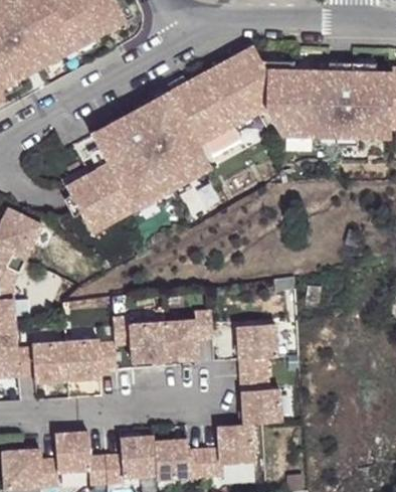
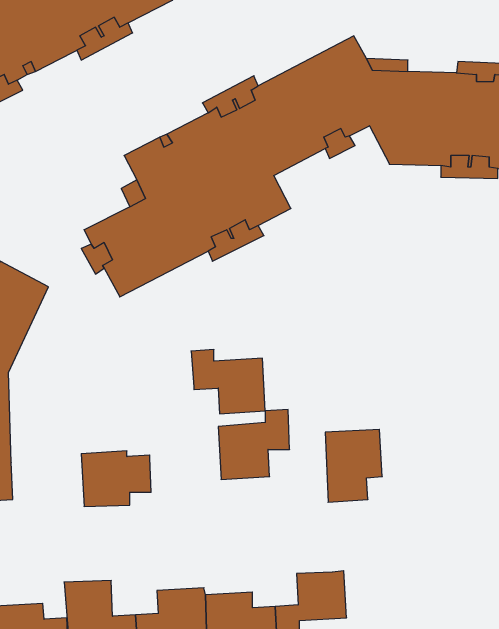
building: [112,316,164,361] -> [191,350,265,414]
building: [16,341,67,380] -> none
building: [239,373,280,425] -> none

